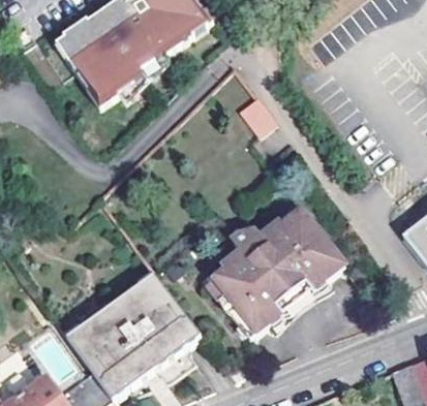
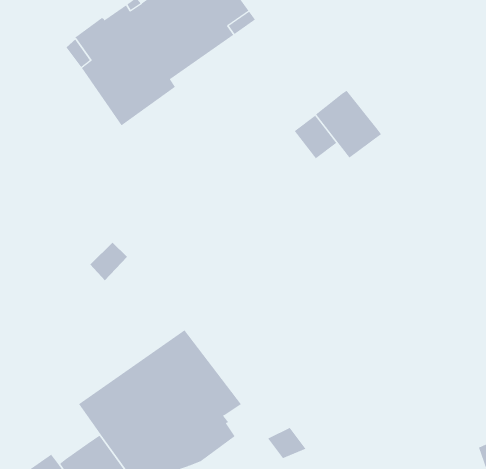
building: none -> [315,90,382,159]
building: [206,205,342,335] -> none

